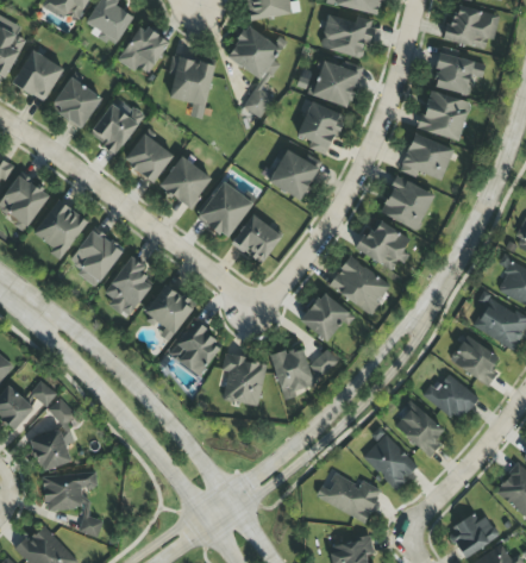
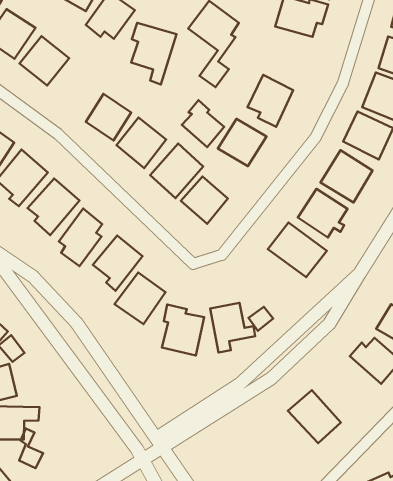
building: [309,60,361,107] -> none
building: [89,104,138,155] -> none
building: none -> [182,100,224,147]
building: [300,292,355,342] -> none
building: [394,405,447,453] -> none
building: [315,474,382,524] -> none

